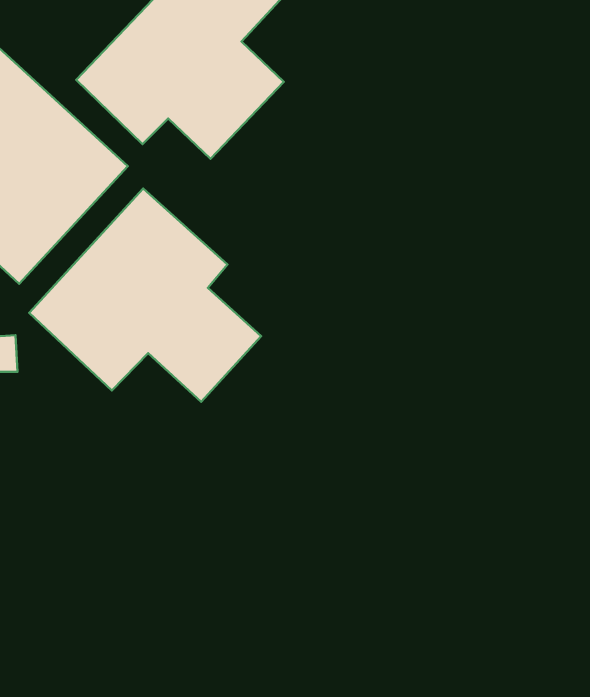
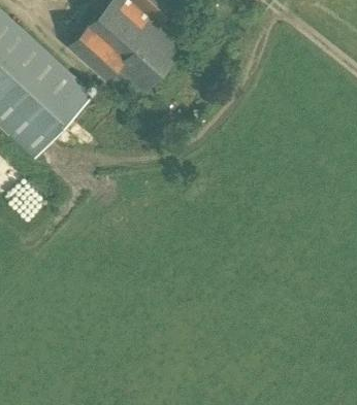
building: [29,188,261,402] -> none

